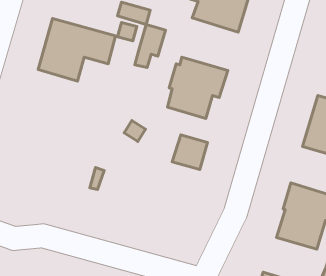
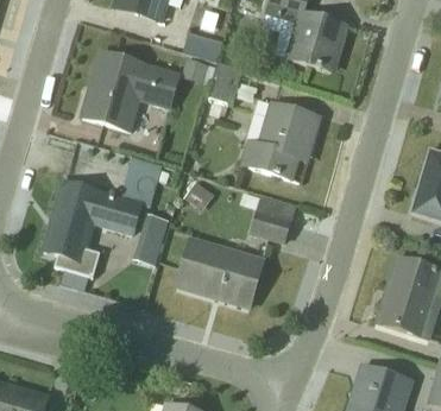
building: none -> [43,156,162,276]
building: none -> [178,239,262,304]

